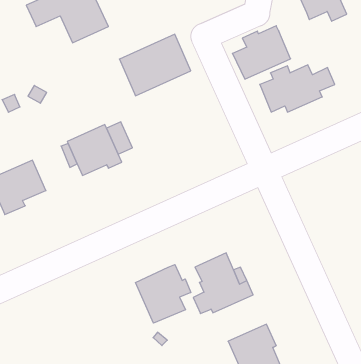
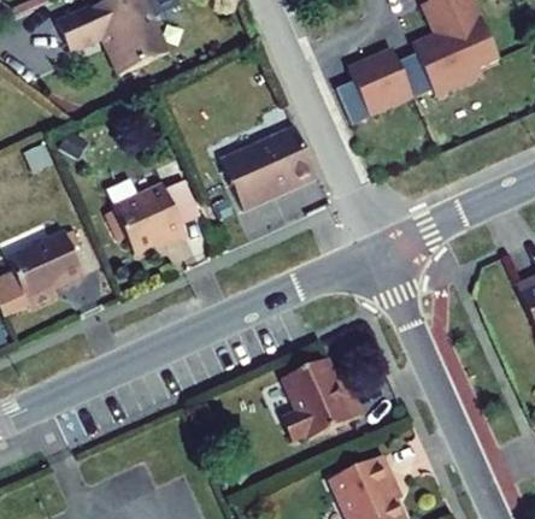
building: [119,34,191,96] -> [221,126,317,210]
building: [260,65,335,112] -> [398,31,499,95]
building: [135,265,191,323] -> none

